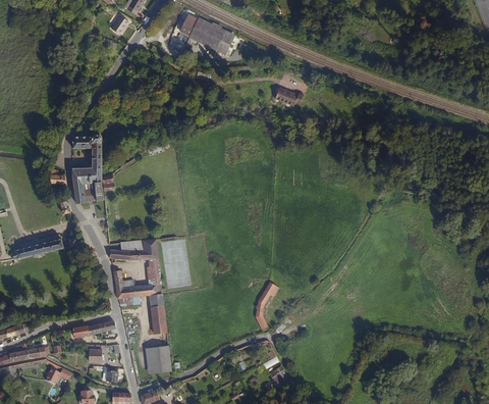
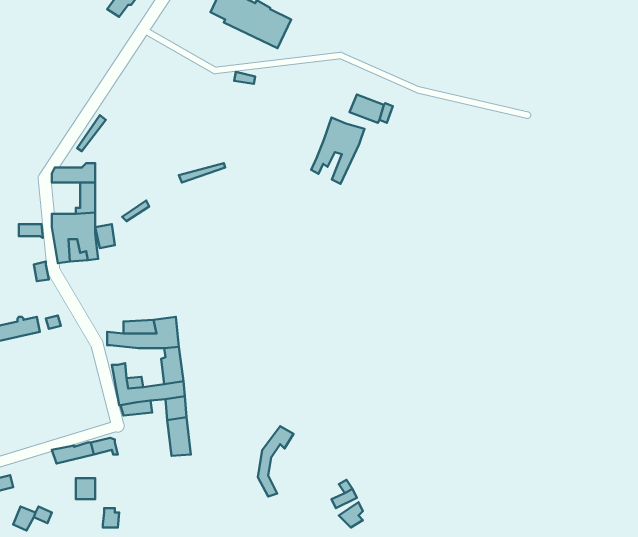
building: none -> [311,118,364,184]
building: [255,282,279,330] -> [258,426,294,496]
building: [145,345,171,373] -> none

